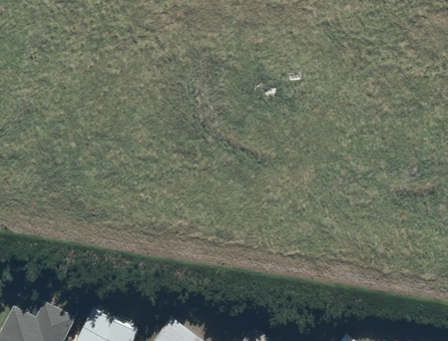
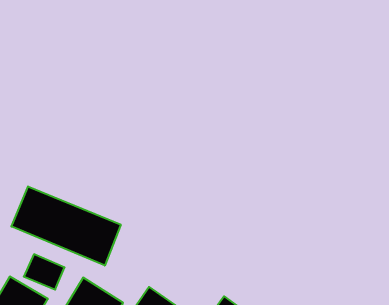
building: none -> [11,186,121,266]

